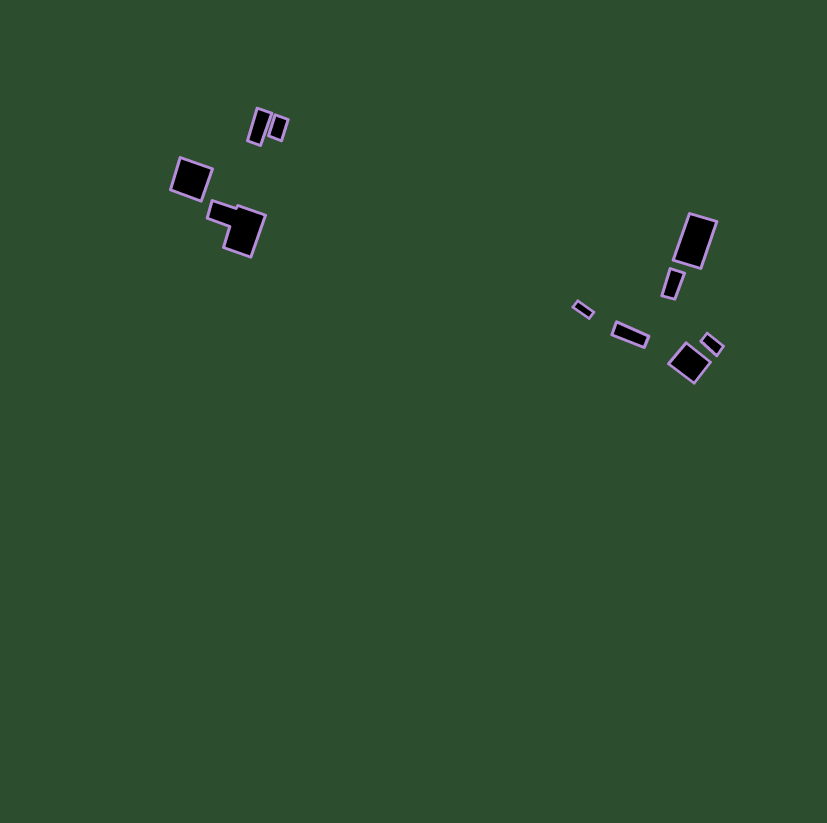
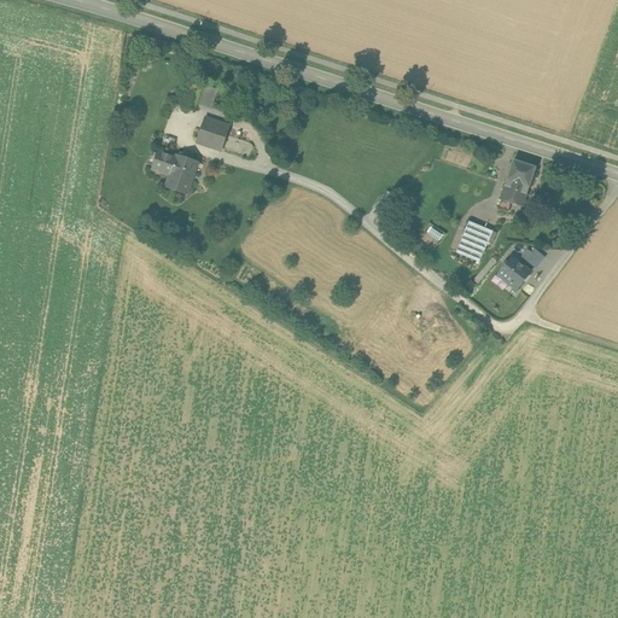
building: [170,157,213,201] -> [198,116,229,148]
building: none -> [460,220,492,251]

